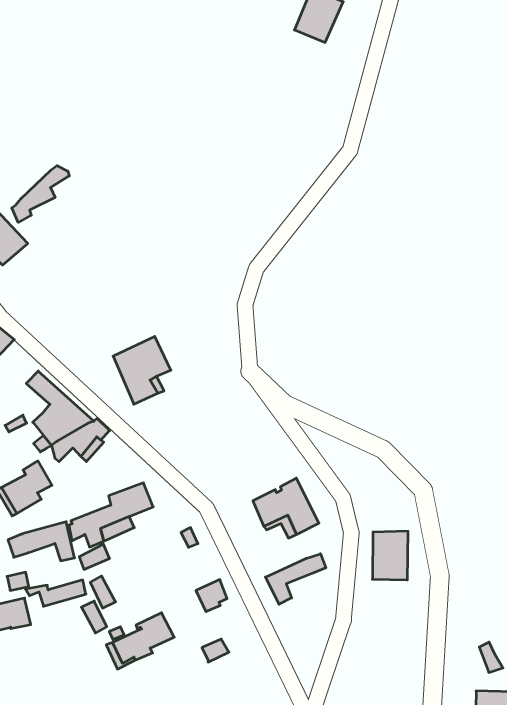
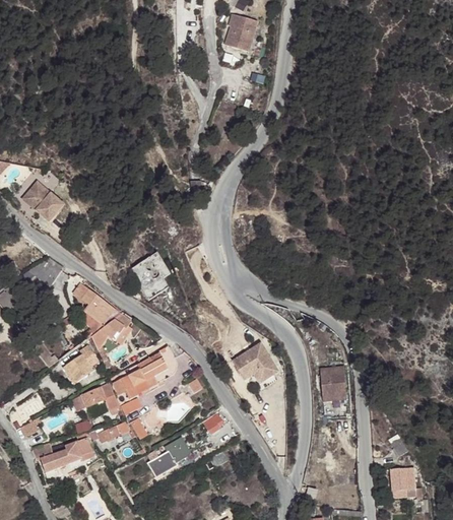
building: [12,166,69,222] -> none
building: [265,554,326,604] -> none

